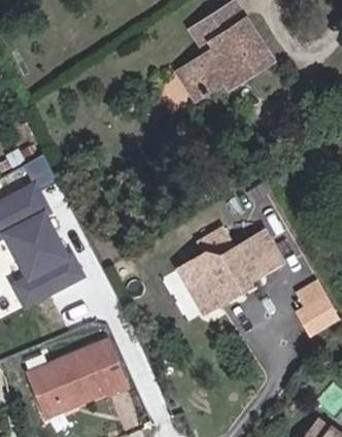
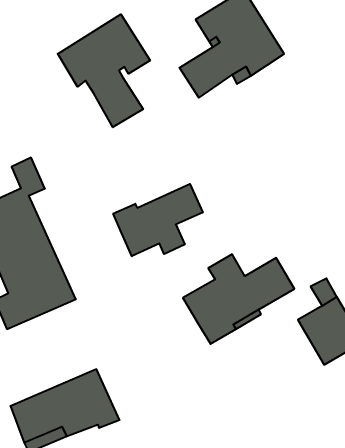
building: none -> [58,14,150,127]
building: none -> [113,184,203,256]

